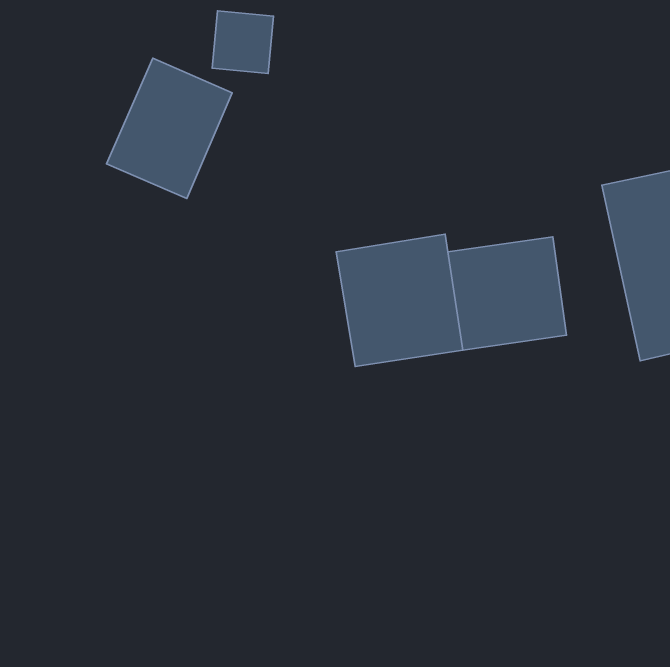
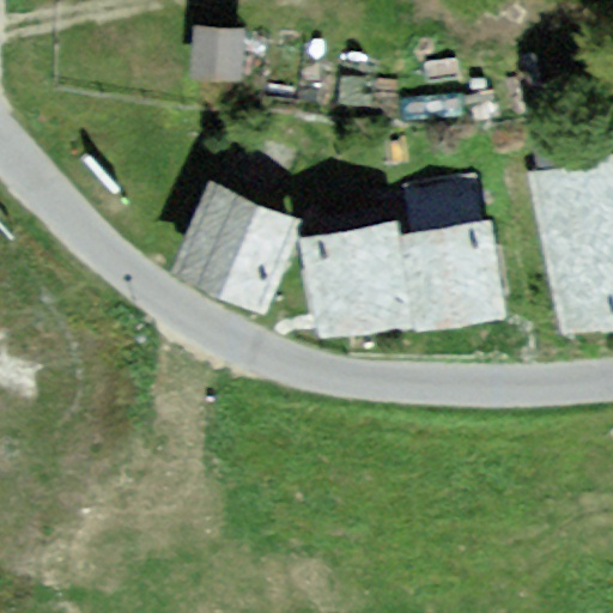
building: [106,58,232,199] -> none
building: none -> [176,186,301,309]

